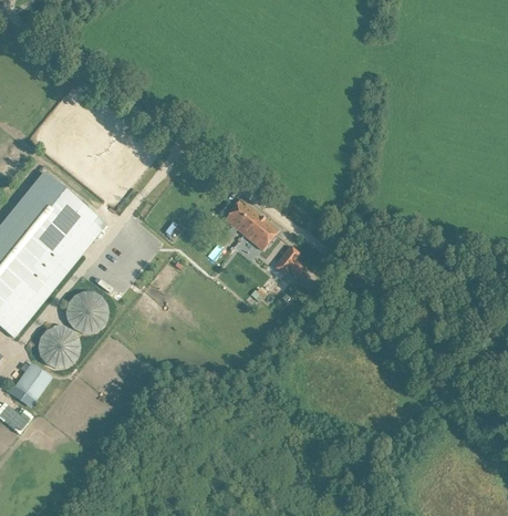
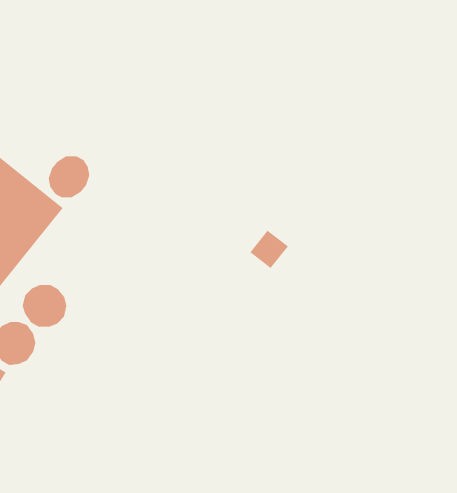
building: none -> [48,155,90,198]
building: [226,198,279,249] -> none

